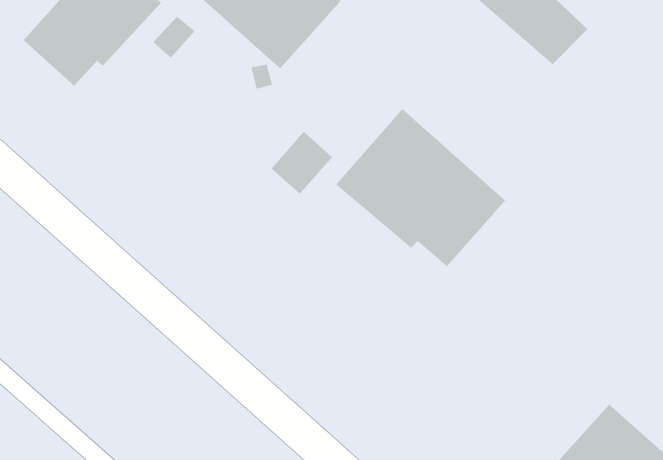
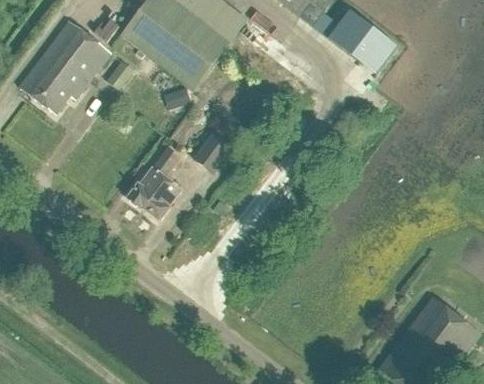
building: [335,108,506,267] -> none
building: none -> [128,146,182,218]

